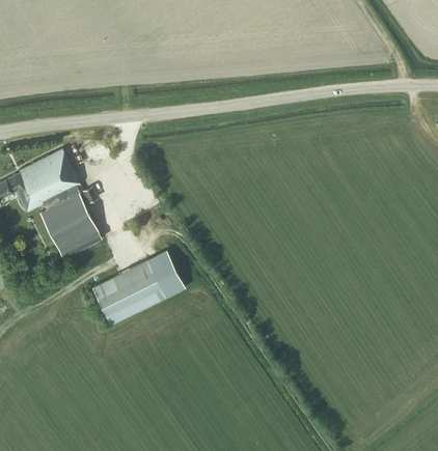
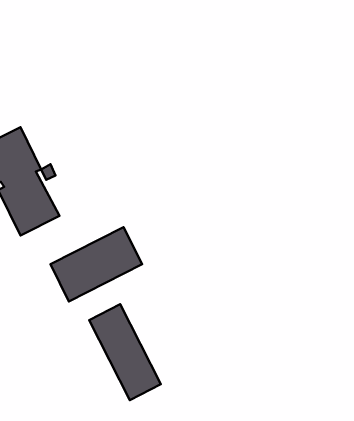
building: none -> [89,304,161,400]

